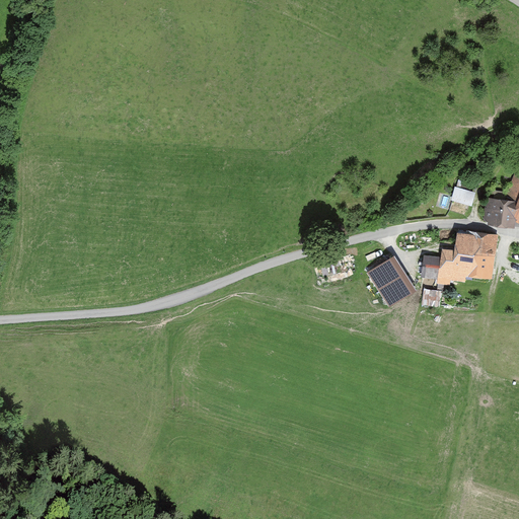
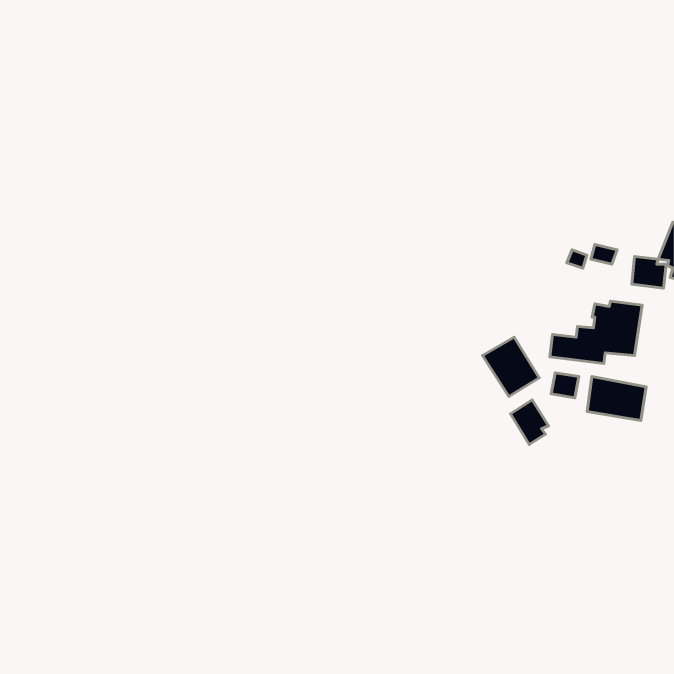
building: none -> [587,377,646,420]
building: none -> [511,400,548,444]

